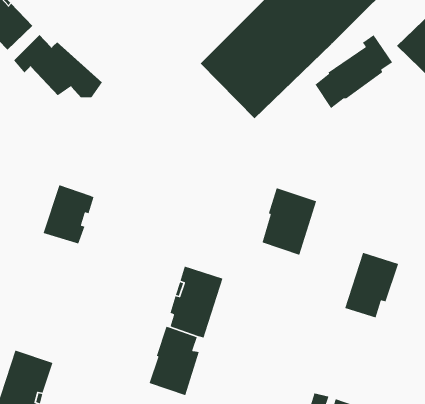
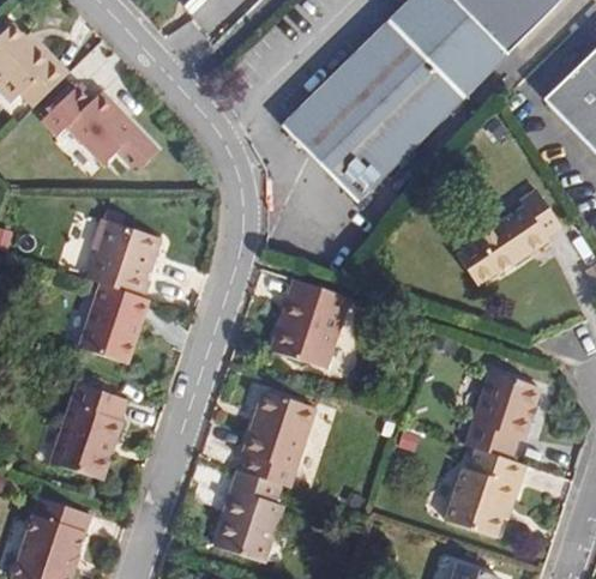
building: [314,34,393,109] -> [460,186,564,284]
building: none -> [88,219,158,296]
building: [262,187,317,256] -> [275,281,348,370]
building: none -> [55,385,126,478]
building: none -> [451,447,530,535]

